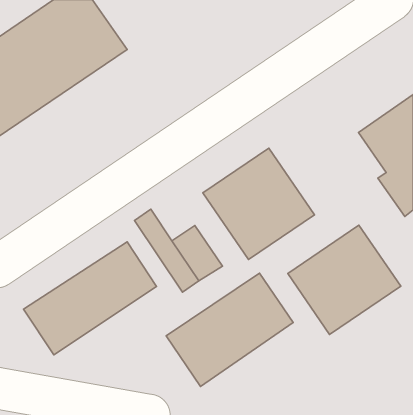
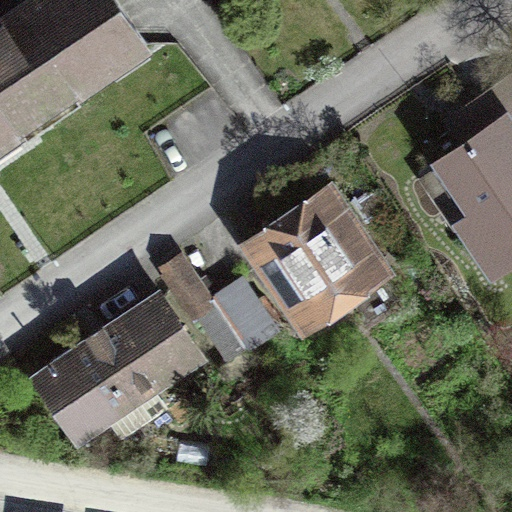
building: [288,225,401,335] -> none
building: [166,273,293,386] -> none

